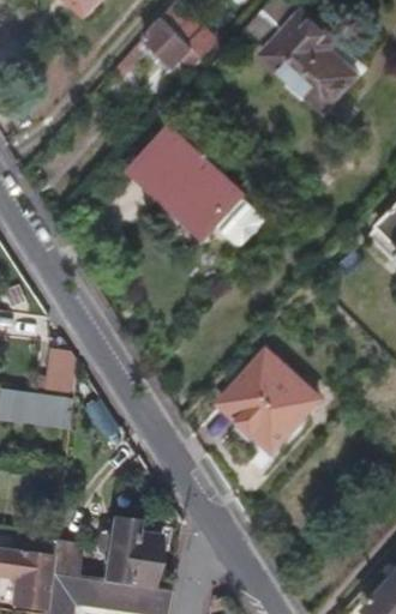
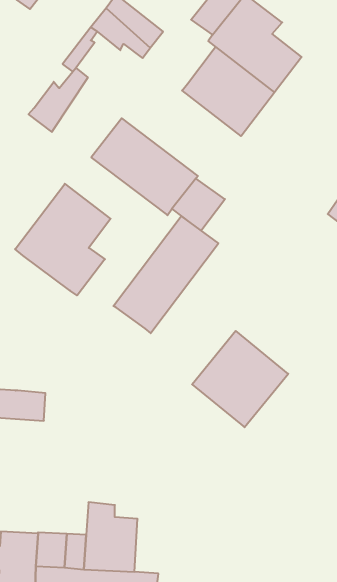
building: none -> [182,47,274,136]
building: none -> [29,68,88,132]
building: none -> [15,184,111,295]
building: none -> [113,216,218,333]
building: [43,350,76,401] -> none

